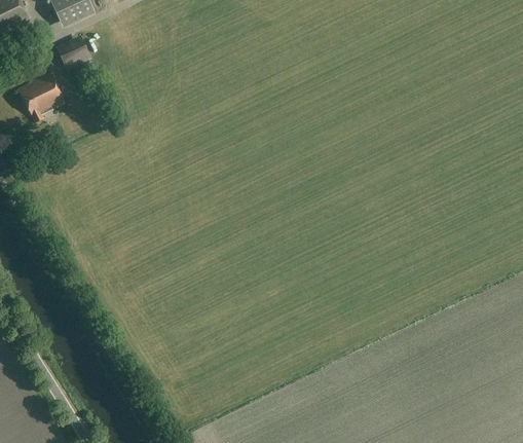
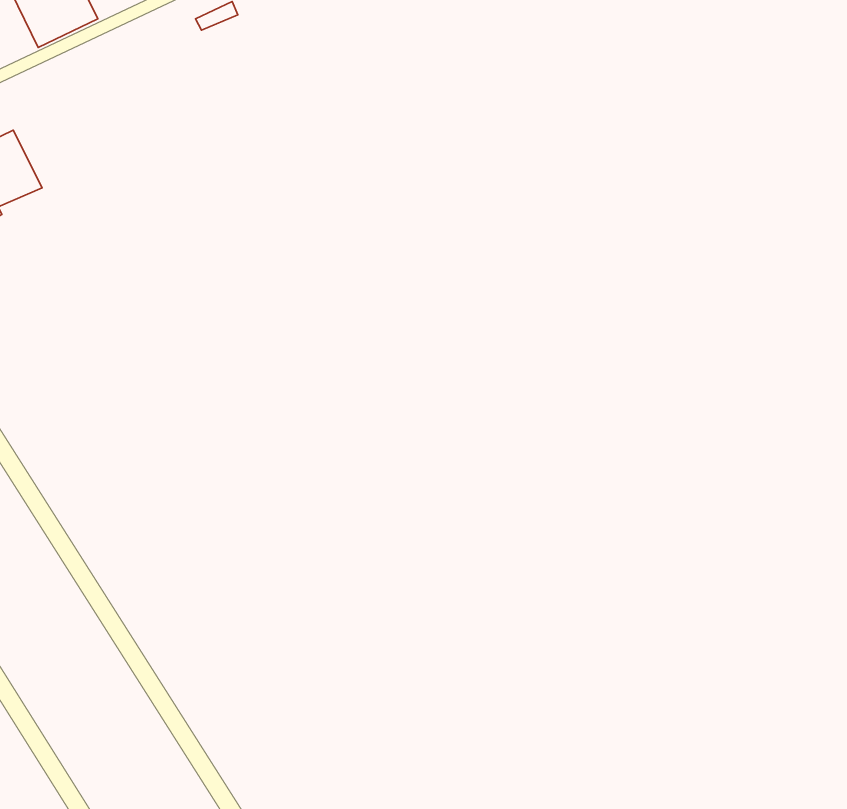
building: [55,34,90,68] -> none

